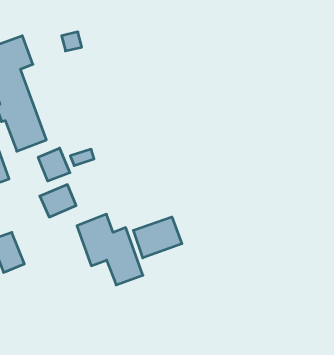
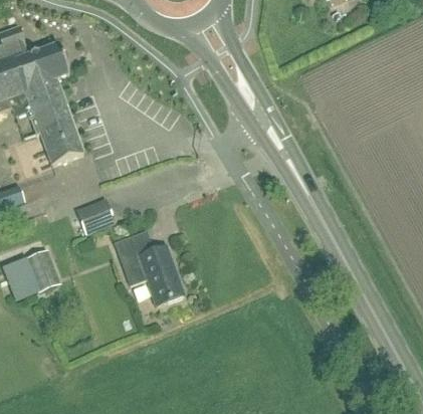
building: [38,148,70,181] -> none
building: [133,217,182,258] -> none

